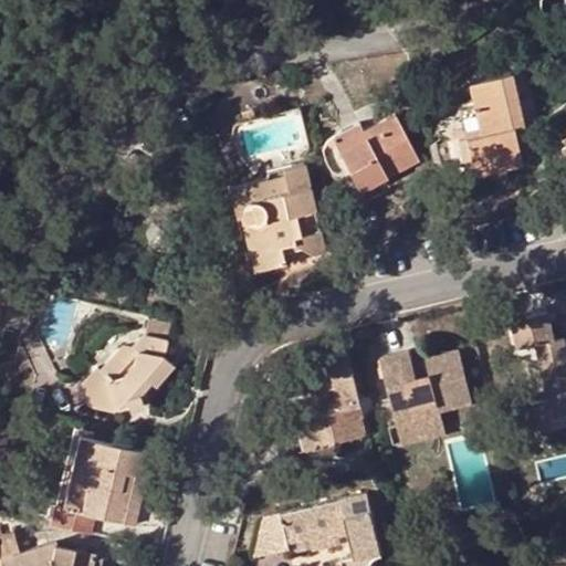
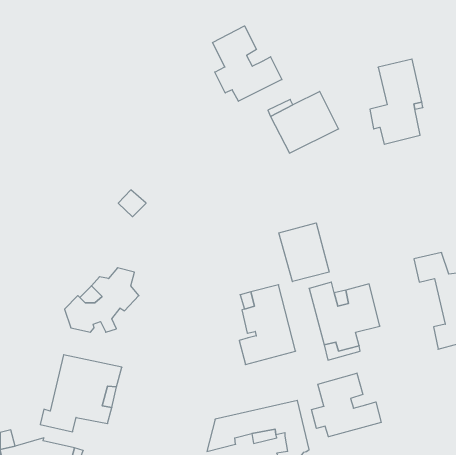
building: none -> [213,26,282,101]
building: [232,166,325,273] -> none
building: none -> [279,223,329,282]
building: none -> [311,373,381,437]

